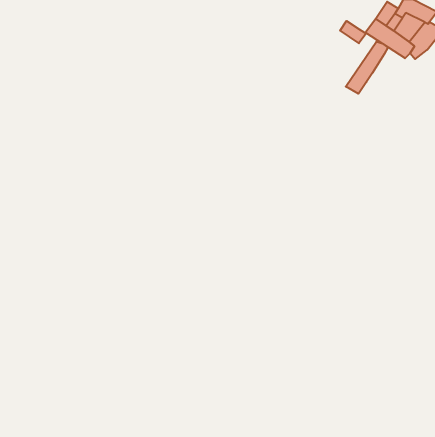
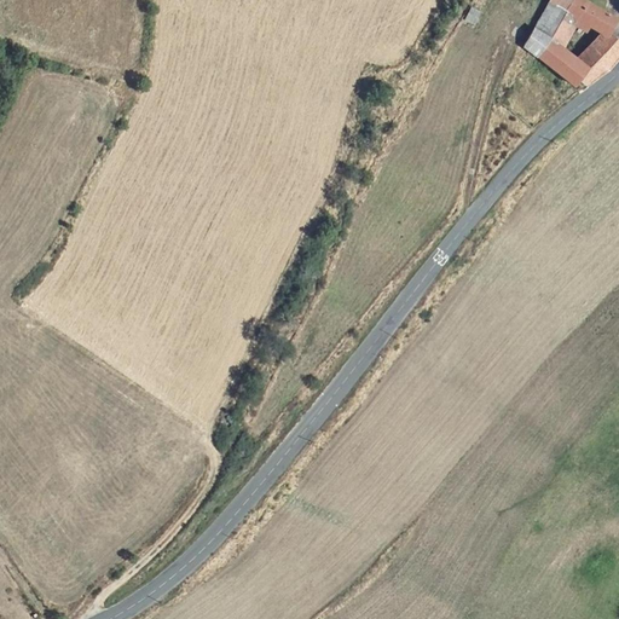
building: [340,21,366,43] -> none
building: [346,41,388,94] -> none

